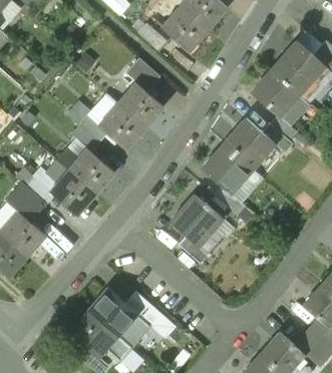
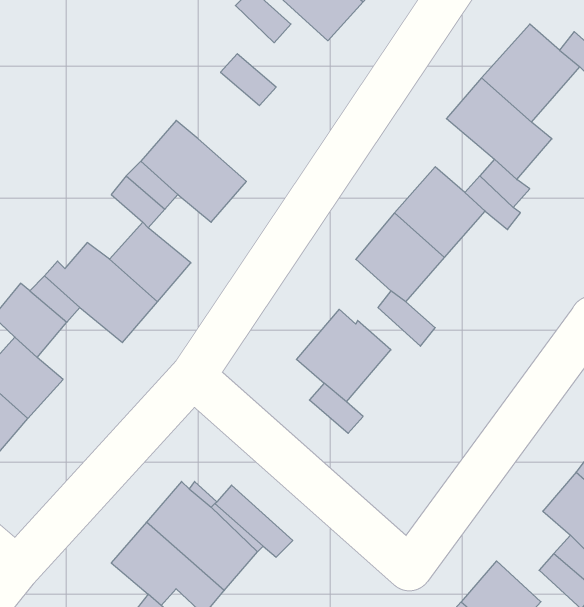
building: [118,82,162,126] -> none

